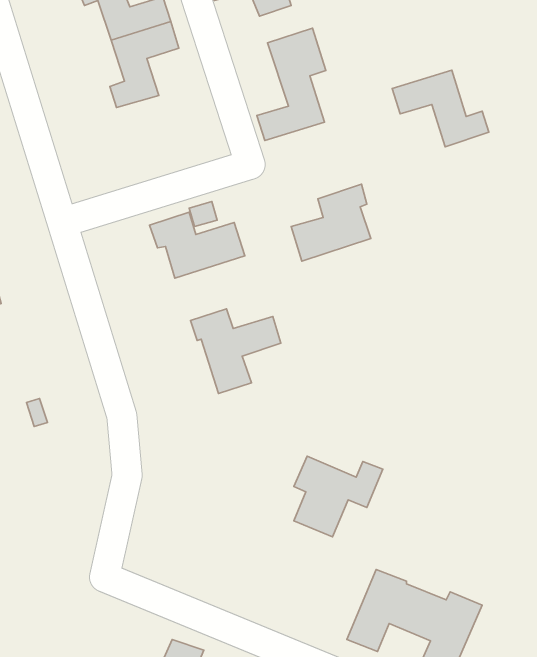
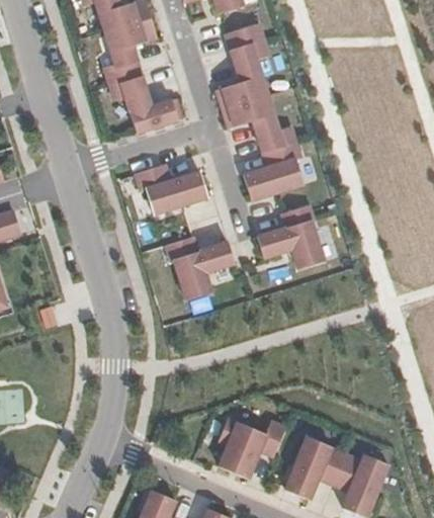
building: [392,70,489,147] -> [222,94,295,153]
building: none -> [108,74,181,132]
building: none -> [256,204,324,268]
building: [294,456,383,537] -> [218,417,285,479]

